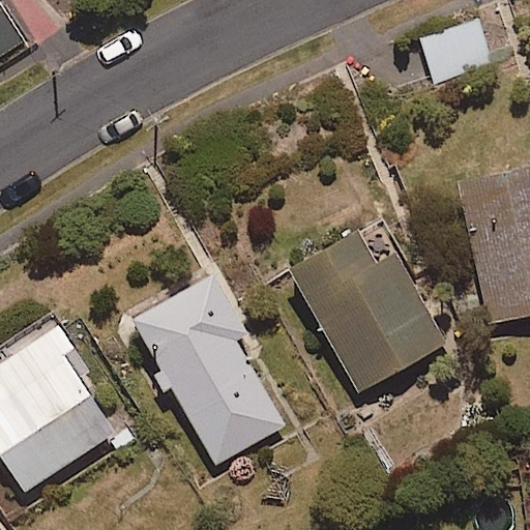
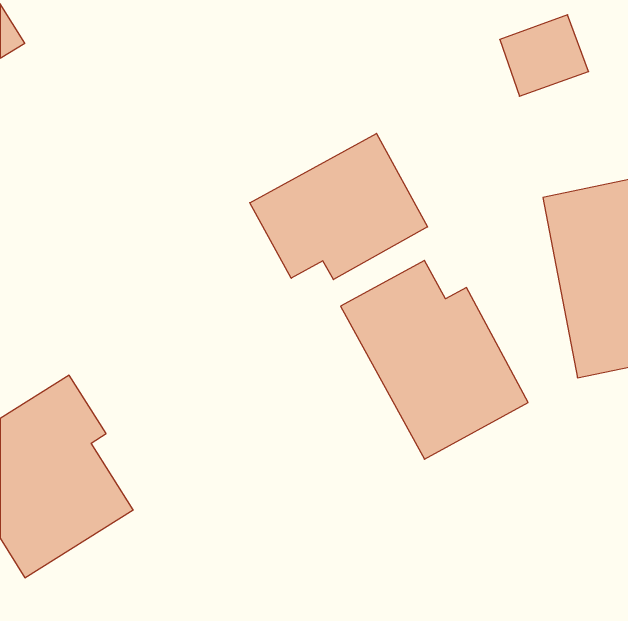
building: none -> [250,133,428,280]
building: [130,268,286,467] -> none

